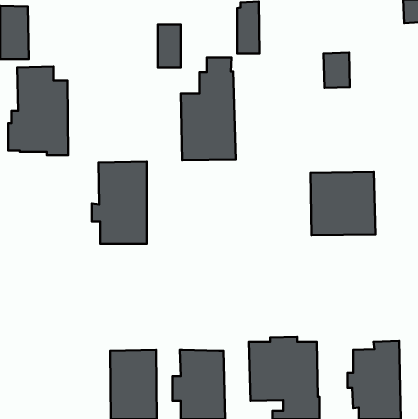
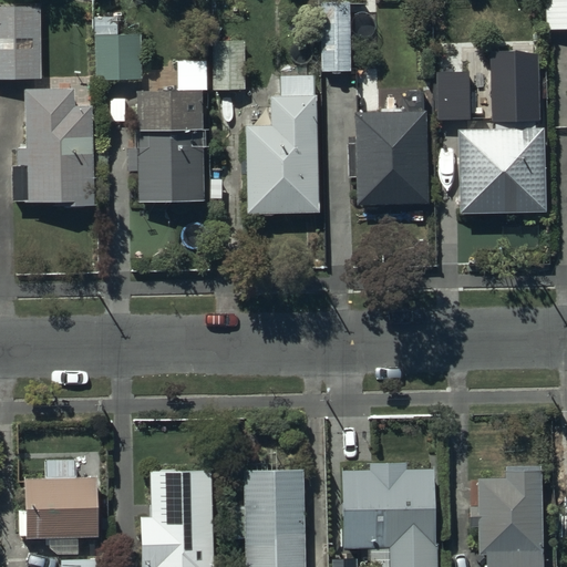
building: none -> [96,18,141,82]
building: none -> [493,50,544,120]
building: none -> [349,112,429,207]
building: [92,162,147,244] -> [128,92,203,203]
building: [311,172,375,235] -> [460,130,547,215]
building: none -> [20,462,100,556]

